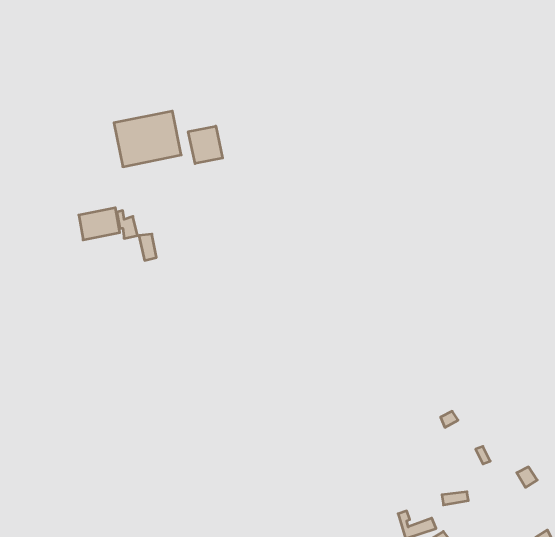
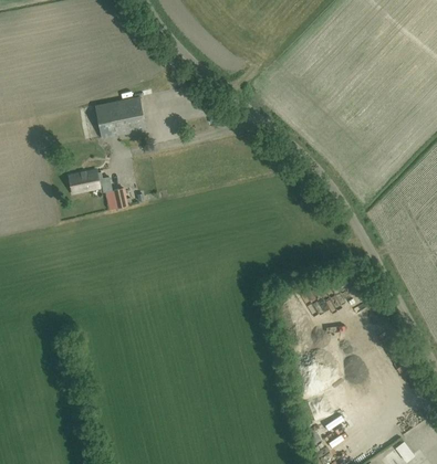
building: [188,126,223,164] -> none

